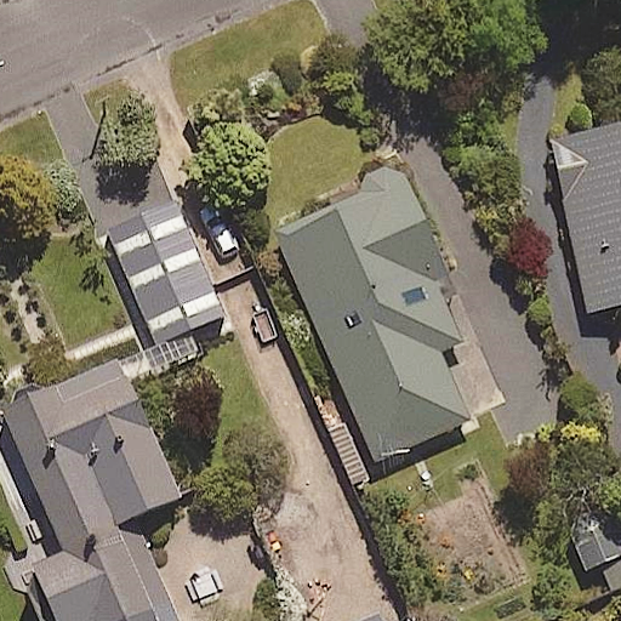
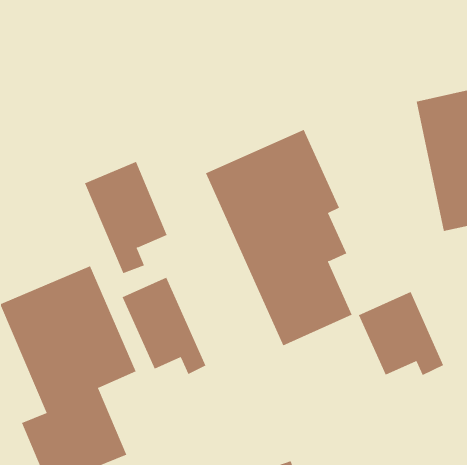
building: none -> [122,277,206,375]
building: none -> [358,291,444,376]

